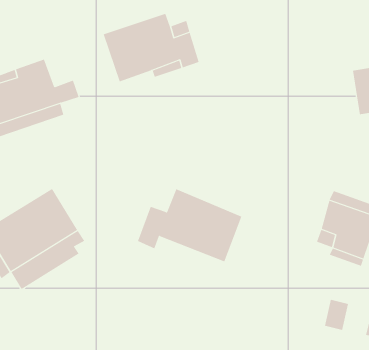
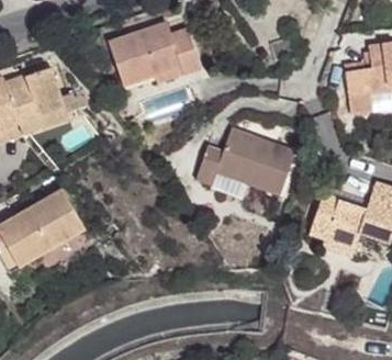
building: [137,189,242,262] -> [197,127,295,196]

